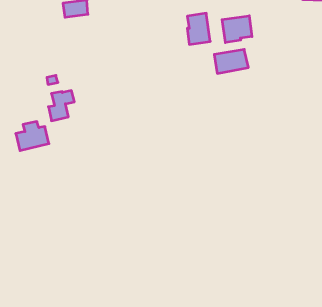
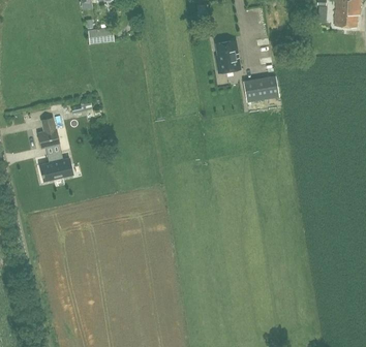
building: [222,16,252,43] -> none
building: [48,91,74,121] -> [37,116,64,147]

